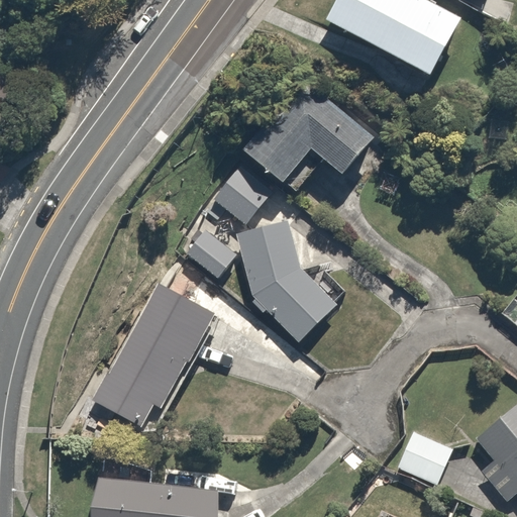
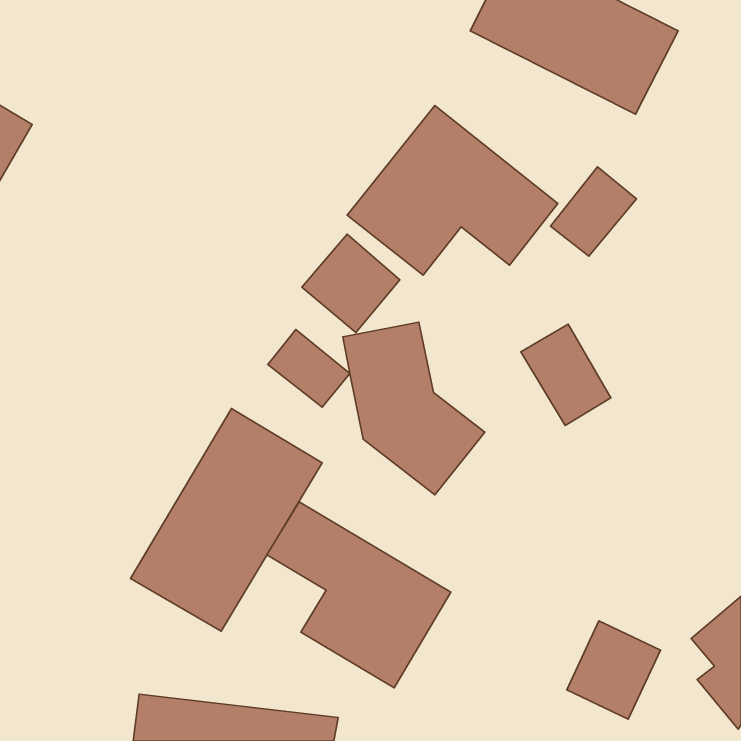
building: none -> [550,167,637,256]
building: none -> [521,324,611,426]
building: none -> [267,502,451,688]

